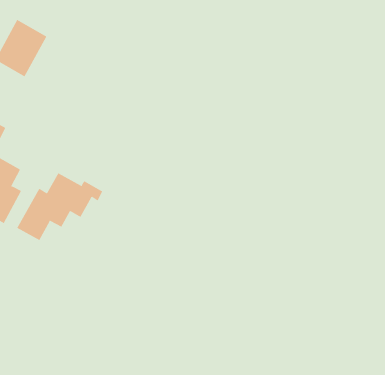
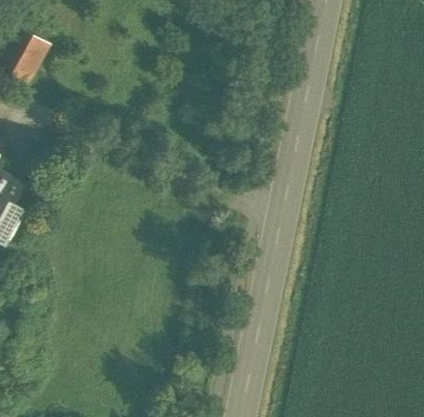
building: [16,172,103,241] -> none

